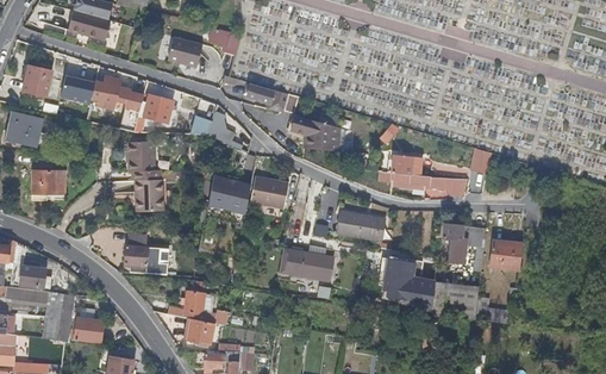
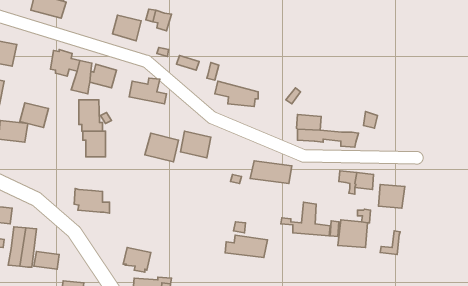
building: [60,74,94,104] -> [20,103,49,127]
building: [283,254,335,281] -> [225,235,268,258]
building: [168,289,230,324] -> none

